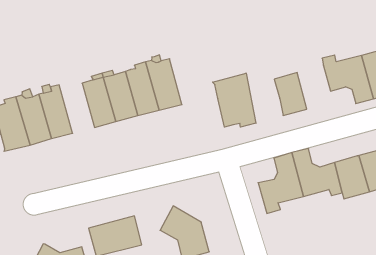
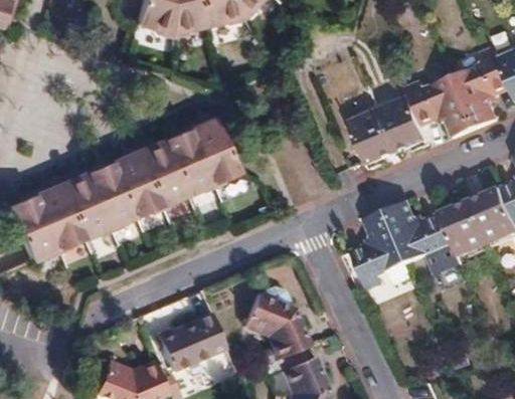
building: none -> [385,95,436,152]
building: [213,73,256,127] -> none
building: none -> [94,159,145,222]

